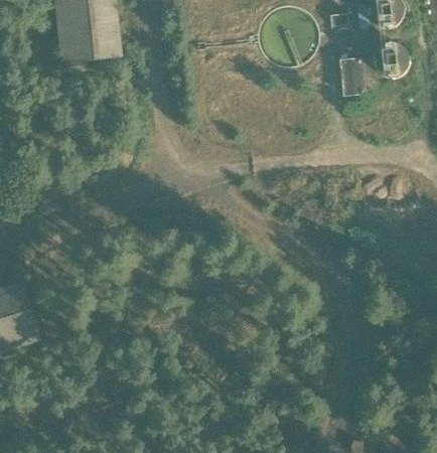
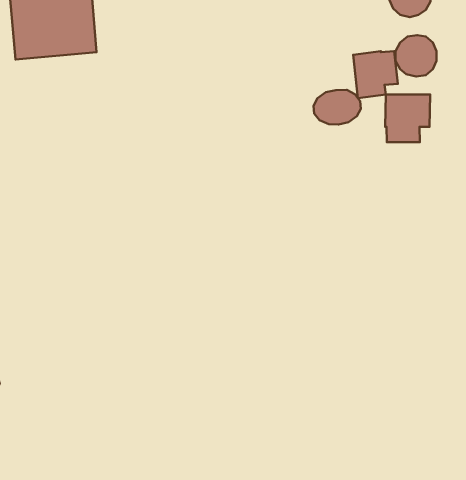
building: none -> [313,90,361,124]
building: none -> [385,95,430,142]

